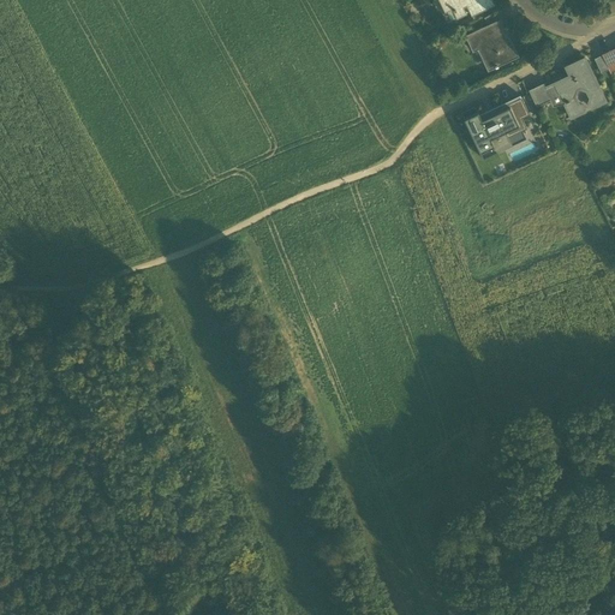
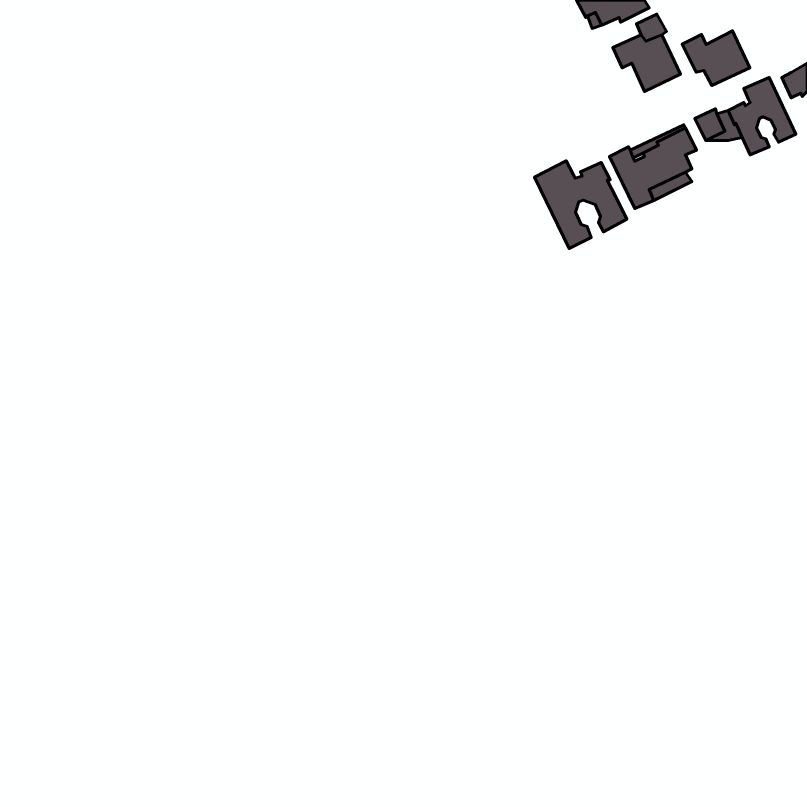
building: none -> [682,31,750,86]
building: none -> [535,161,627,249]

